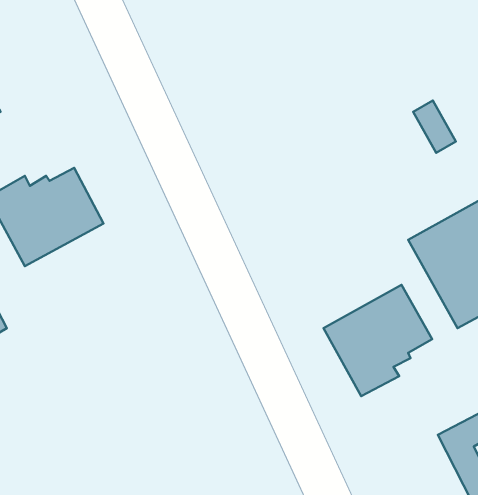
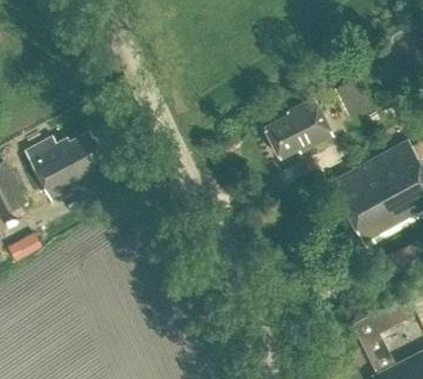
building: none -> [266,99,334,160]
building: [324,285,432,396] -> none

